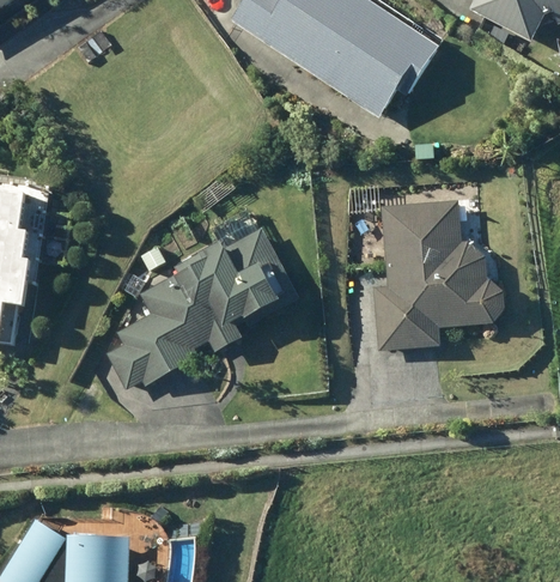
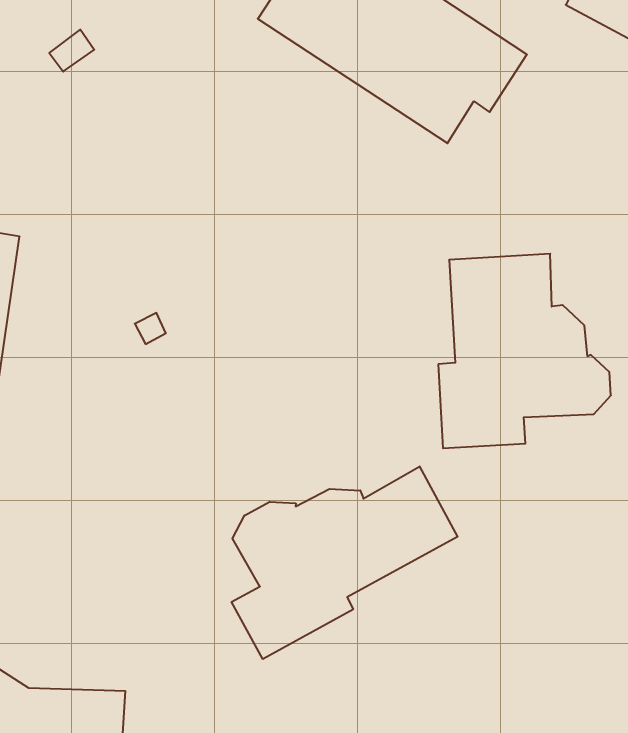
building: [104,225,299,389] -> none
building: none -> [232,466,458,659]

